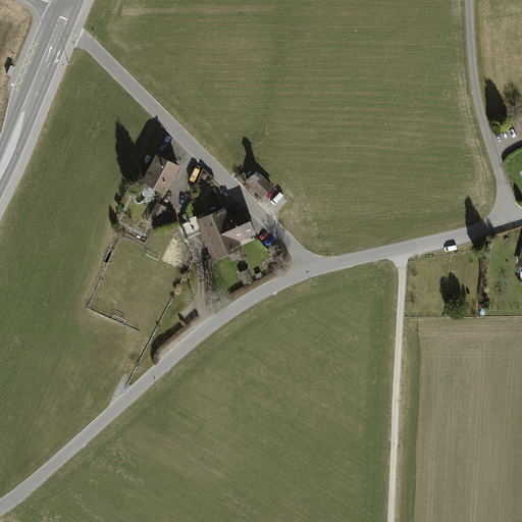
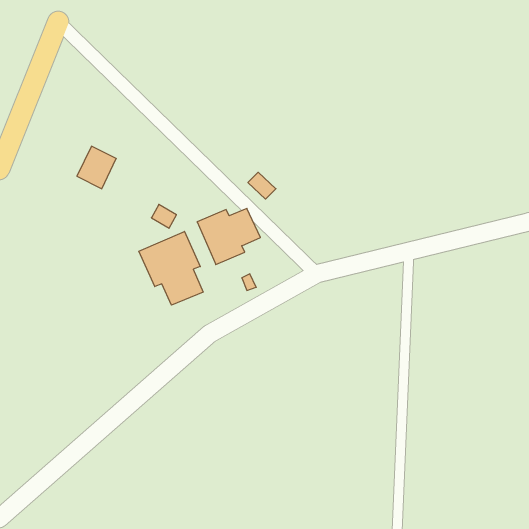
building: [140,153,178,195] -> [77,146,116,189]
building: none -> [139,231,203,305]

